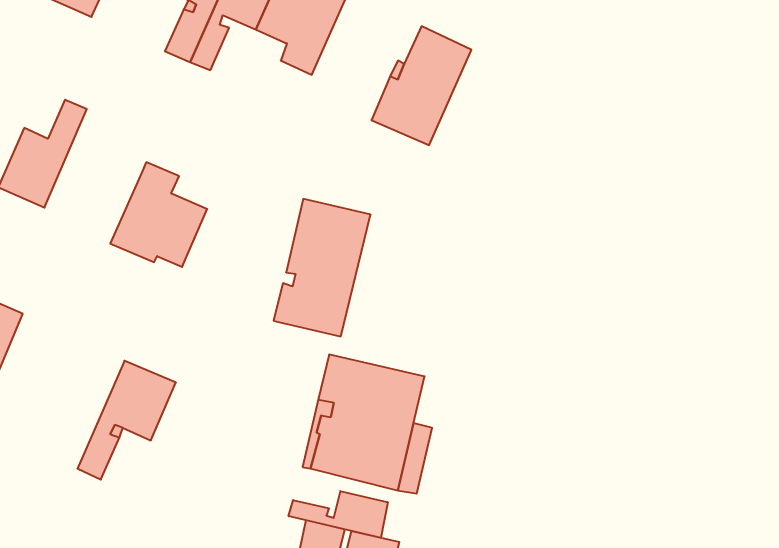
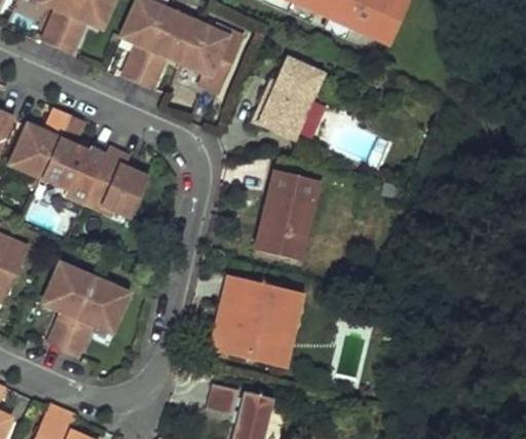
building: none -> [41,113,105,204]
building: [274,199,371,336] -> [256,164,320,255]
building: none -> [44,264,93,350]
building: [289,491,388,538] -> none

